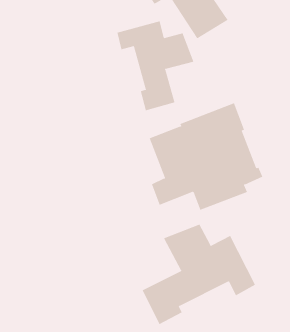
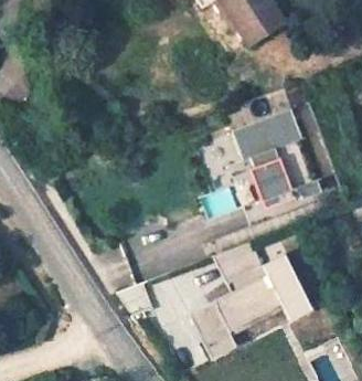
building: [117,20,194,111] -> none

